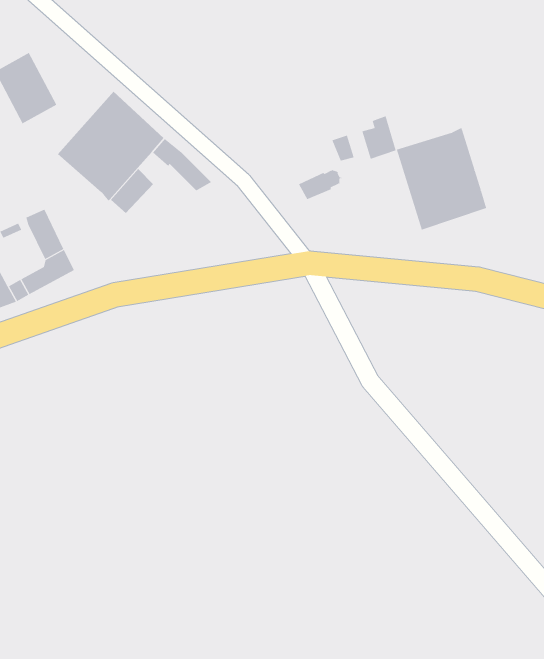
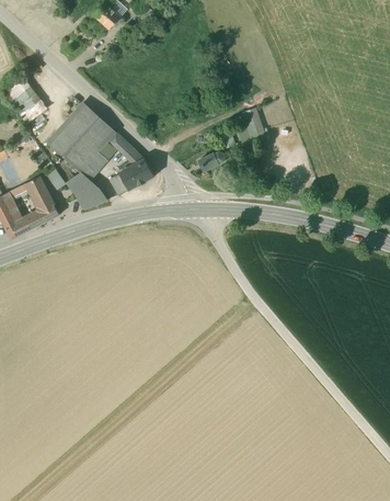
building: [396,127,487,231] -> none
building: none -> [112,159,154,194]
building: none -> [66,170,108,208]

